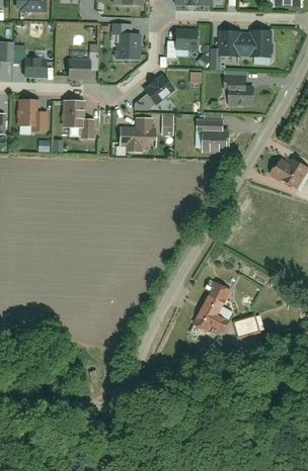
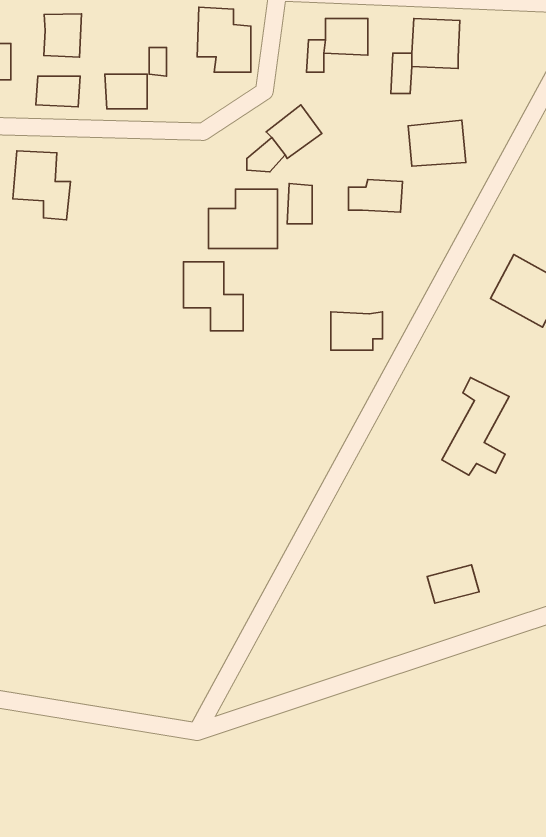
building: none -> [44,14,81,57]
building: [250,29,276,56] -> none
building: [62,102,93,138] -> [184,262,243,331]
building: [200,129,227,150] -> [331,312,383,350]
building: [194,279,229,331] -> [442,377,509,475]

